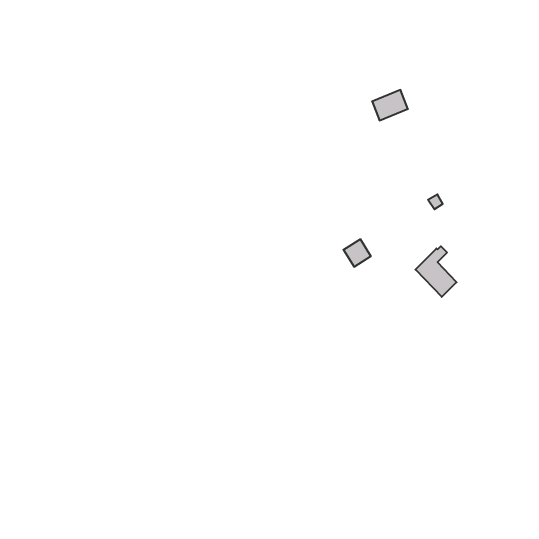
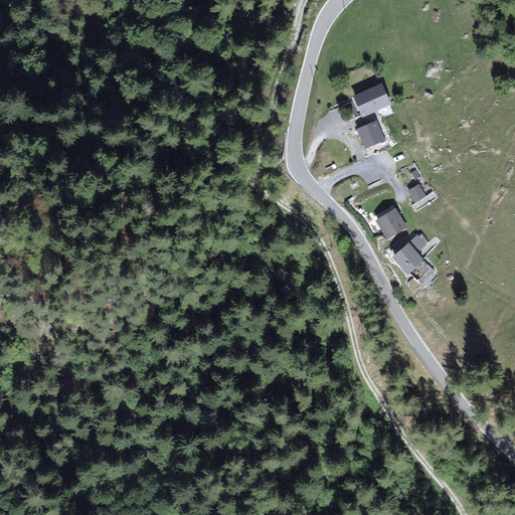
building: none -> [356,122,383,147]
building: [343,239,371,267] -> [378,210,404,236]

